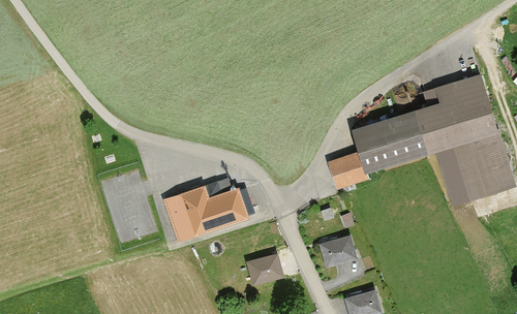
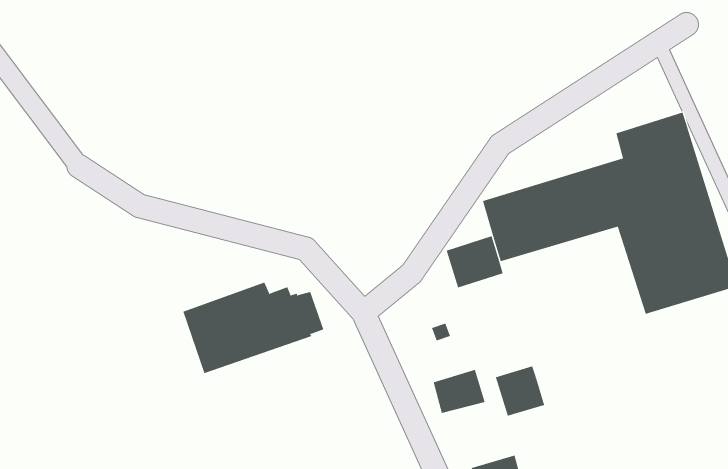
building: none -> [495,366,545,417]
building: [247,255,280,282] -> none

